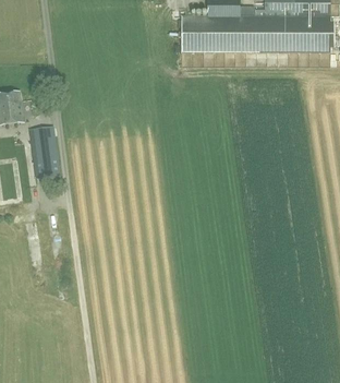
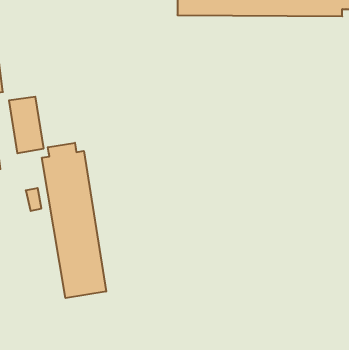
building: none -> [42,143,106,298]

